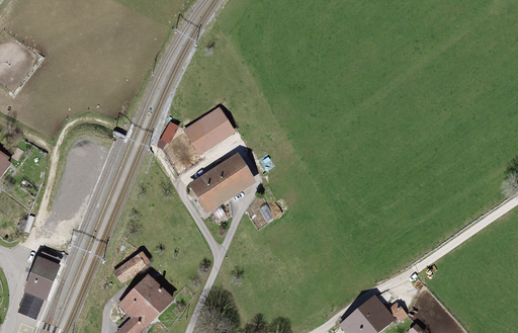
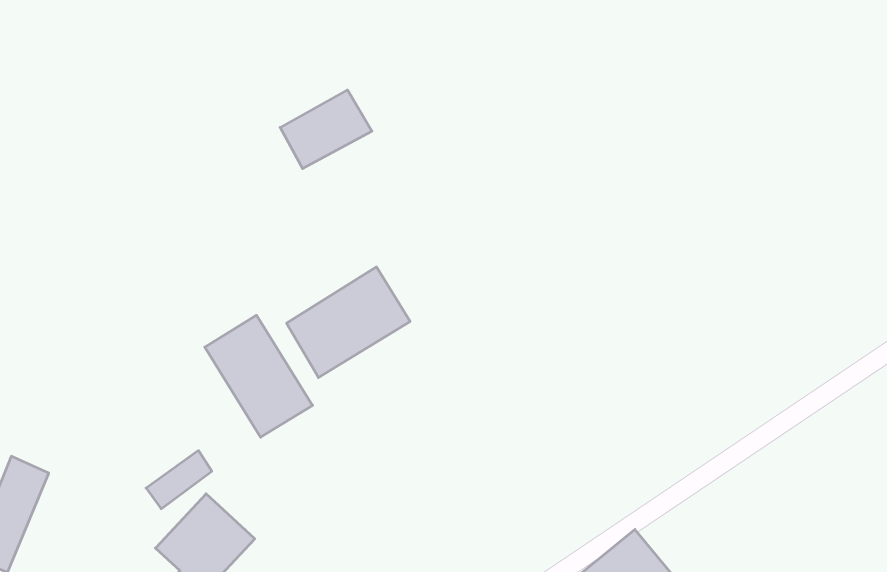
building: [183,109,233,152] -> [280,90,372,169]
building: none -> [205,315,313,437]

